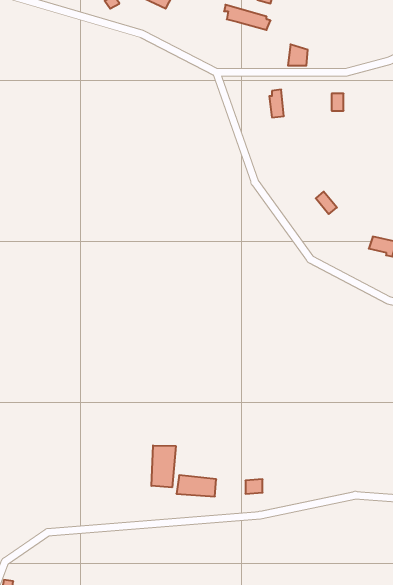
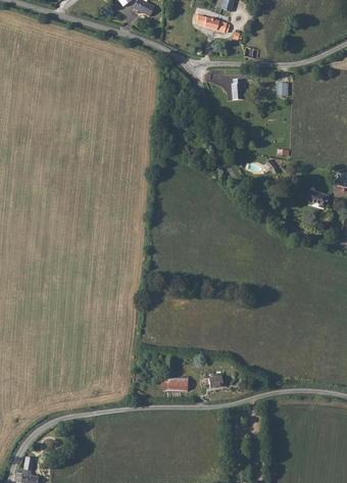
building: [151,445,176,487] -> none

